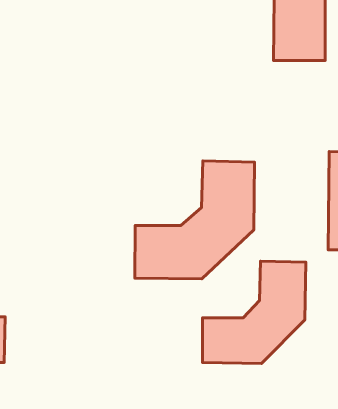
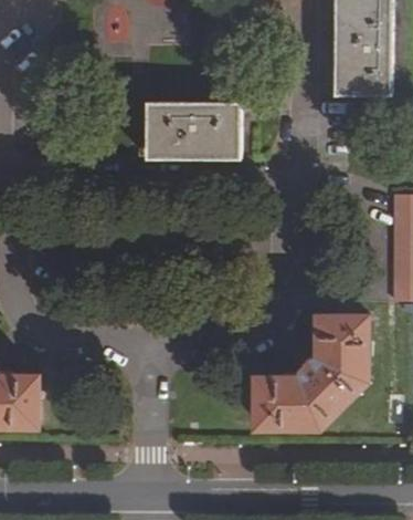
building: none -> [141,102,241,157]
building: [135,161,254,279] -> none

